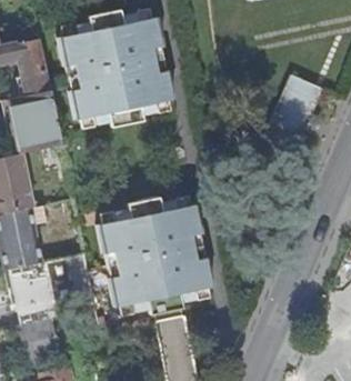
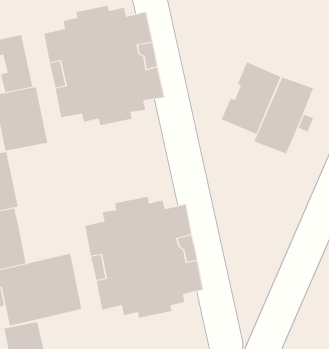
building: none -> [221,62,281,135]

